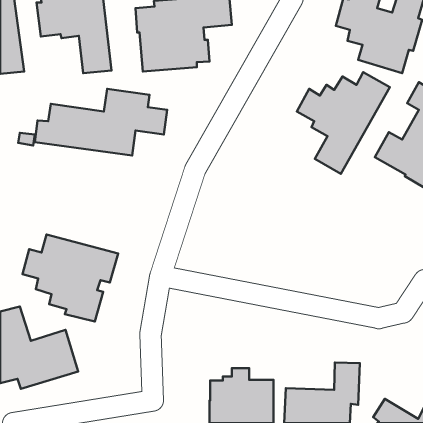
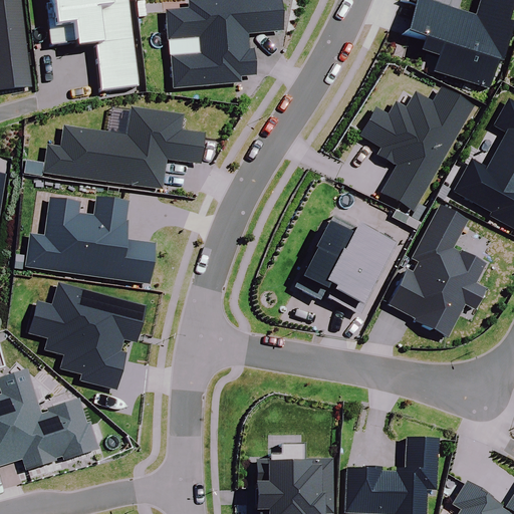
building: none -> [25,197,155,282]
building: none -> [390,205,485,336]
building: none -> [294,223,396,314]

